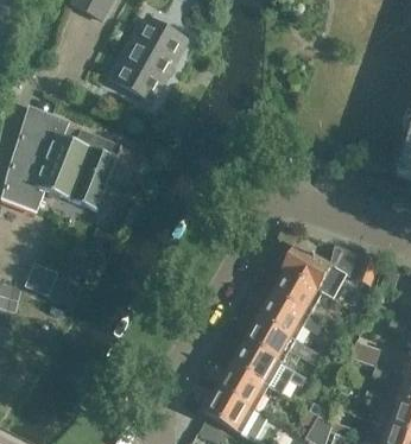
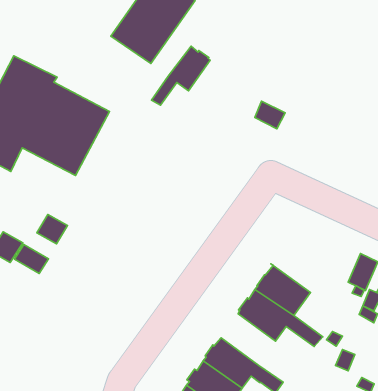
building: none -> [151,46,210,105]
building: [280,246,346,299] -> none
building: [242,319,320,366] -> none

